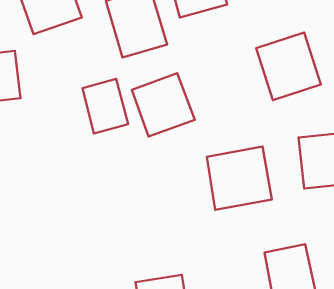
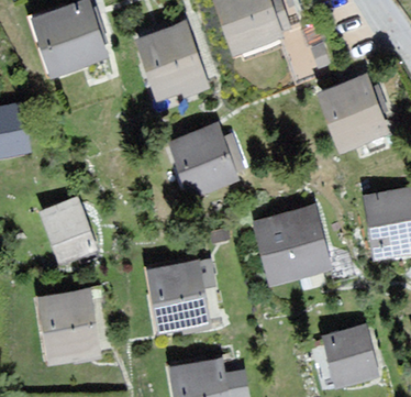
building: [83,79,128,134] -> [42,197,96,262]
building: none -> [146,258,212,337]
building: none -> [37,290,99,360]

